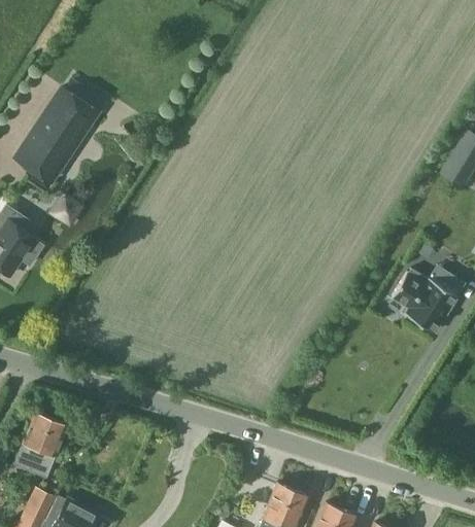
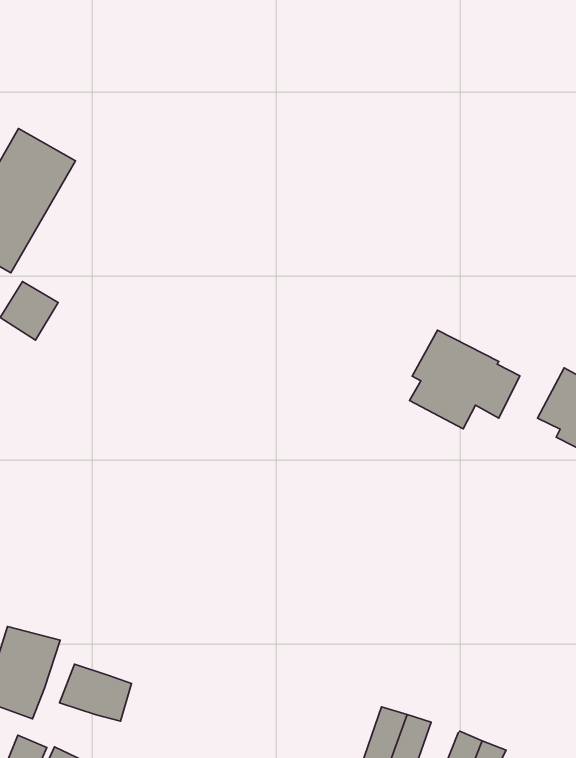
building: none -> [410,330,520,429]
building: none -> [60,664,131,721]

